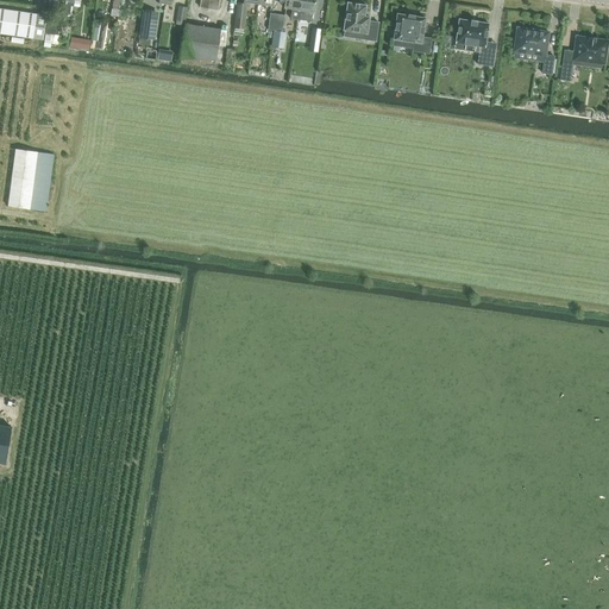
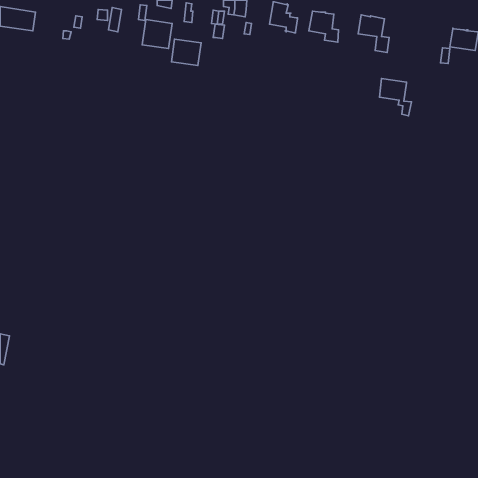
building: [514,27,554,75] -> [380,79,411,116]
building: none -> [172,39,201,66]
building: [7,150,54,212] -> none

